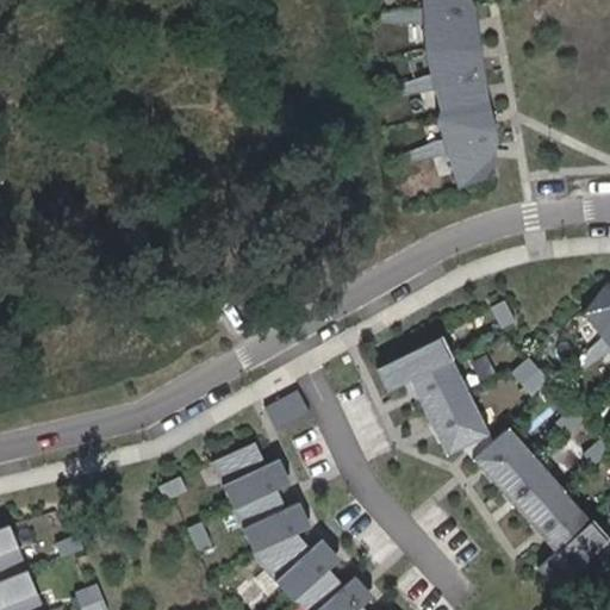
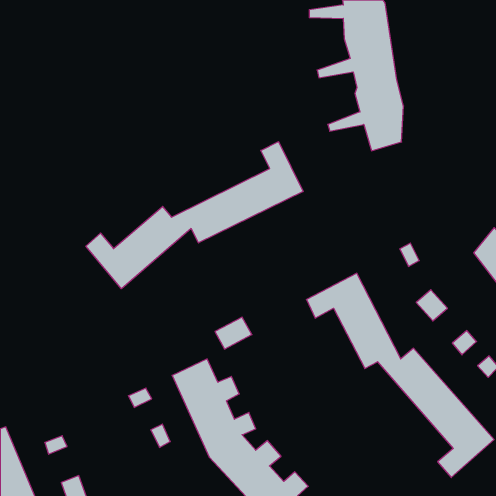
building: none -> [86,142,303,289]

